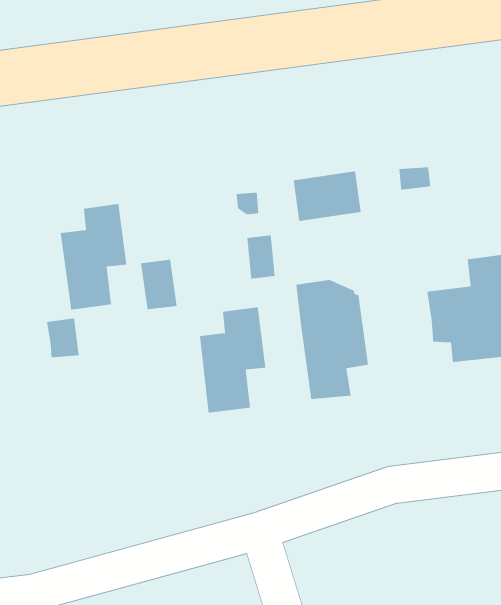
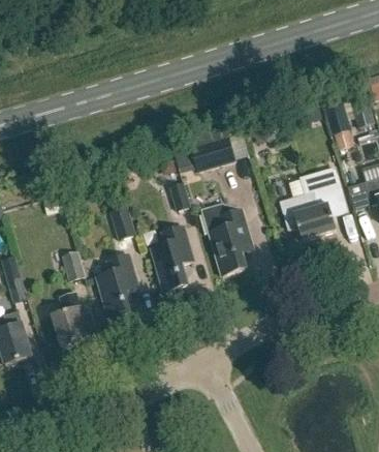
building: [60,204,127,310] -> [97,253,139,321]
building: none -> [53,291,88,348]

